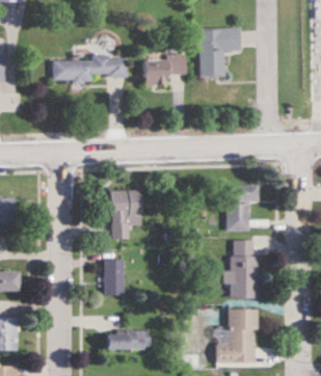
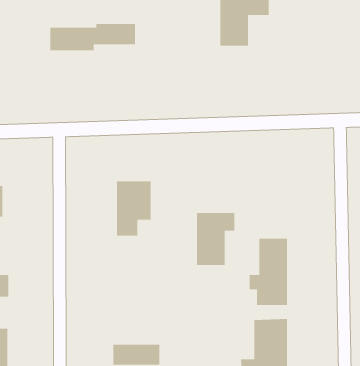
building: [144,54,186,85] -> none
building: [224,186,258,232] -> [196,212,235,266]
building: [104,260,124,296] -> none

